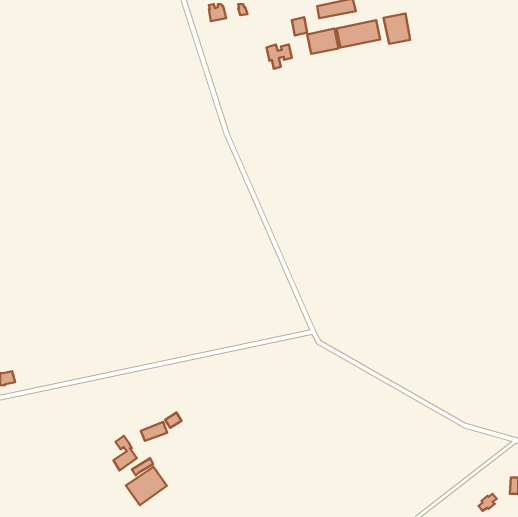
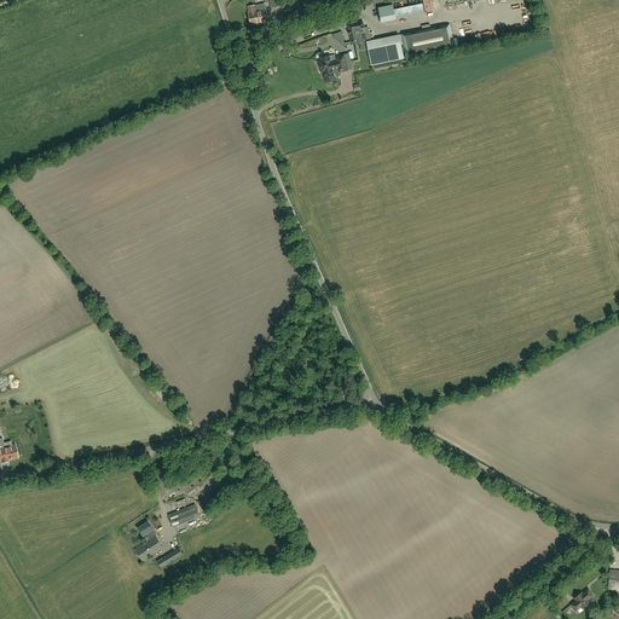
building: [383,13,410,44] -> none
building: [126,467,167,505] -> none

